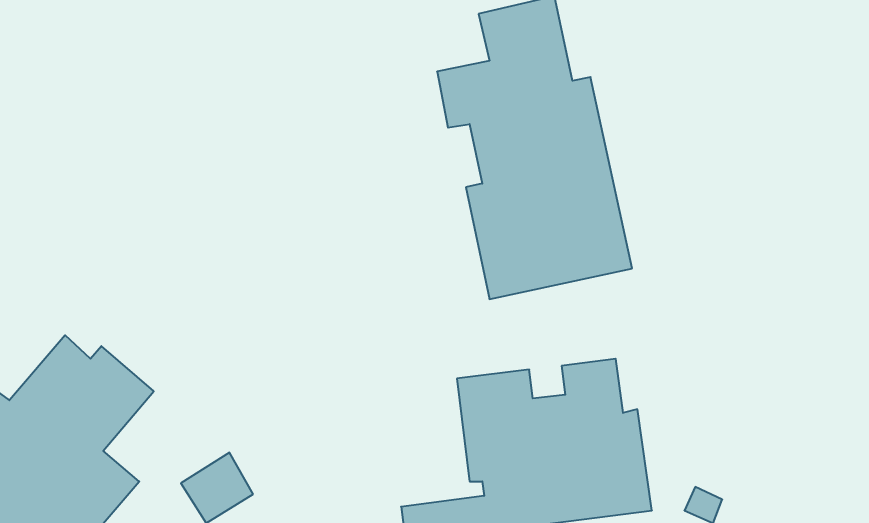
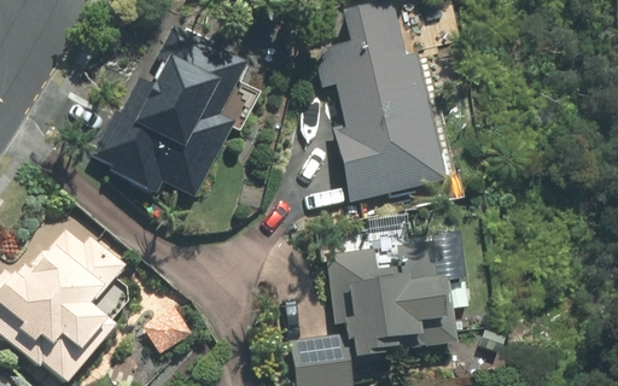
building: none -> [93,25,247,199]

